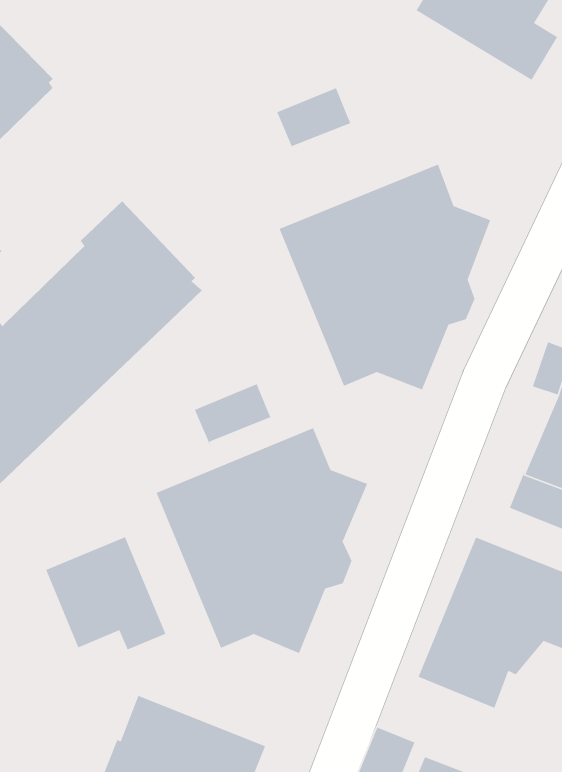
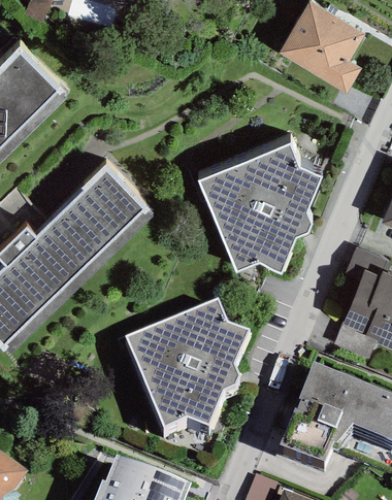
building: [276,87,351,152] -> none
building: [194,383,272,447] -> none
building: [45,536,166,650] -> none

